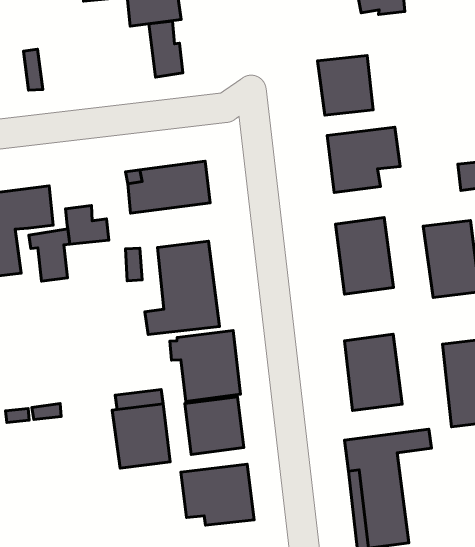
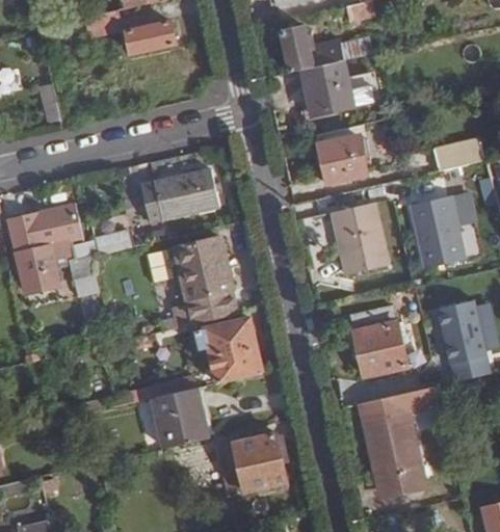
building: none -> [281,26,371,72]
building: [149,21,183,77] -> none
building: [185,397,244,454] -> none

